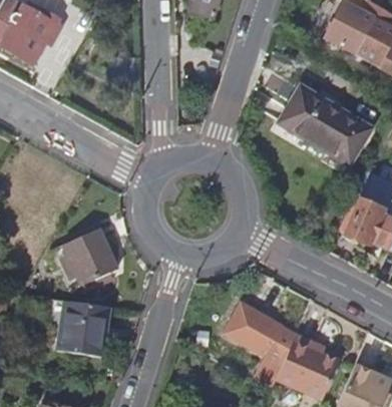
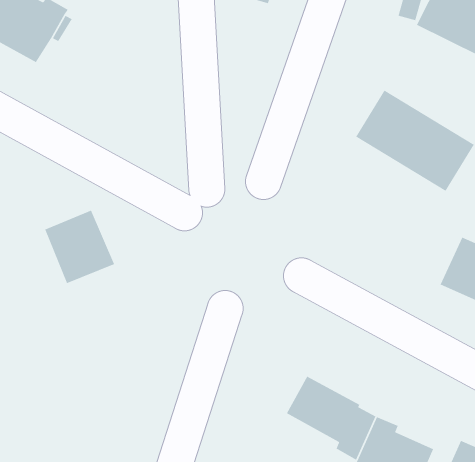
building: [61,235,115,292] -> [44,209,115,284]
building: [55,301,107,357] -> none

